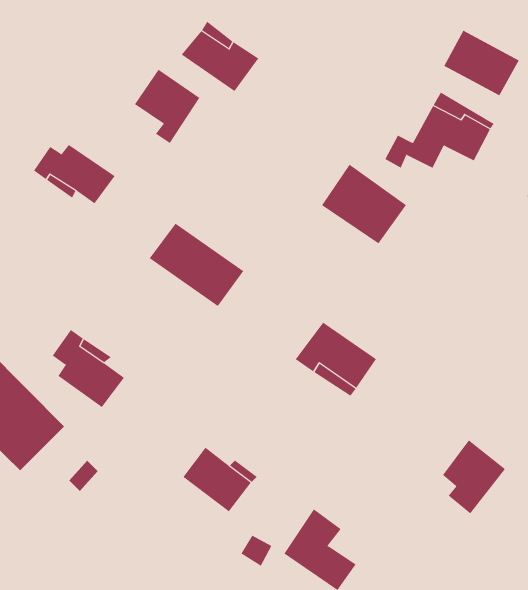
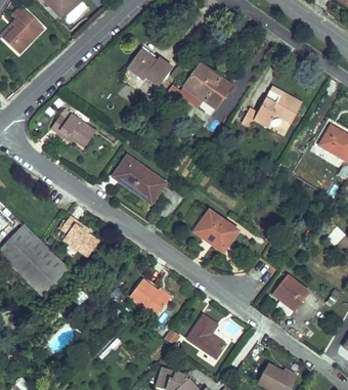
building: [443,30,519,96] -> none
building: [134,69,200,144] -> none
building: [321,164,407,244] -> [185,64,232,109]

